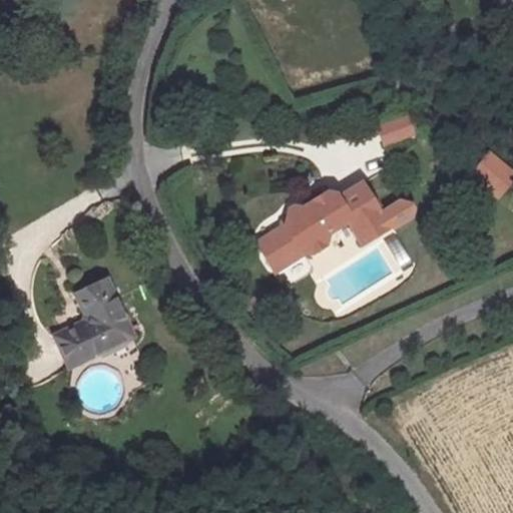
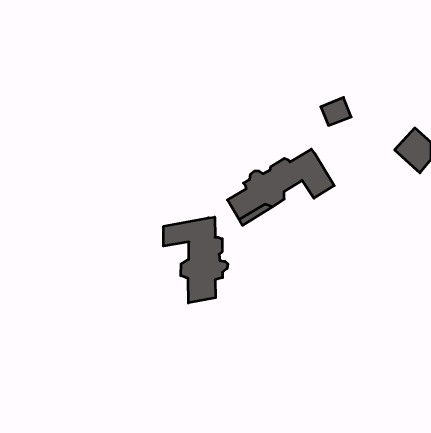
building: none -> [163,217,228,303]
building: [52,285,132,369] -> none

